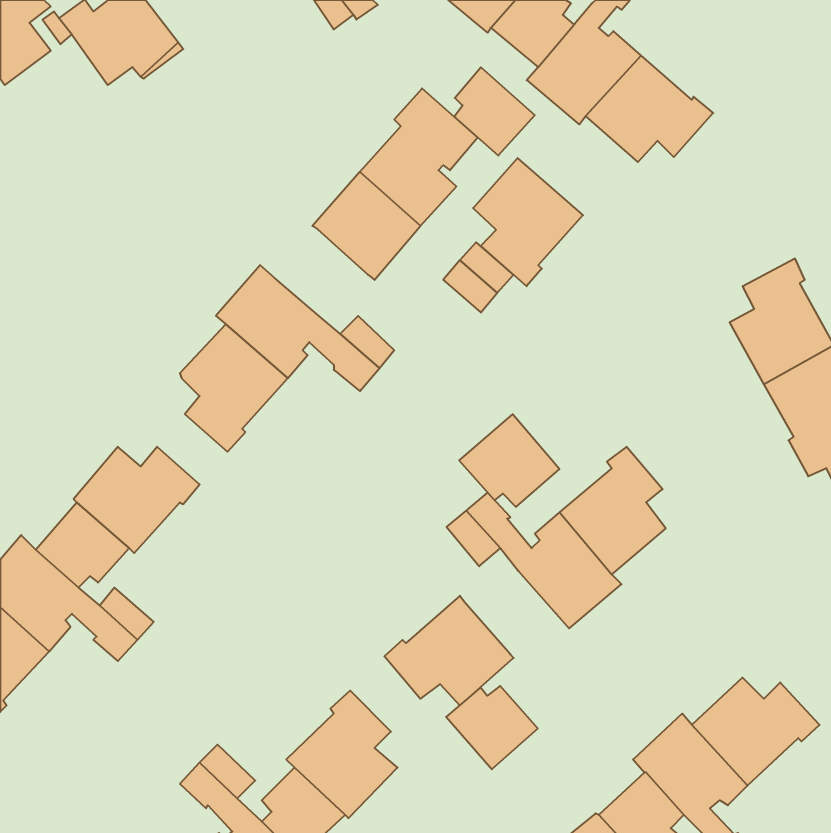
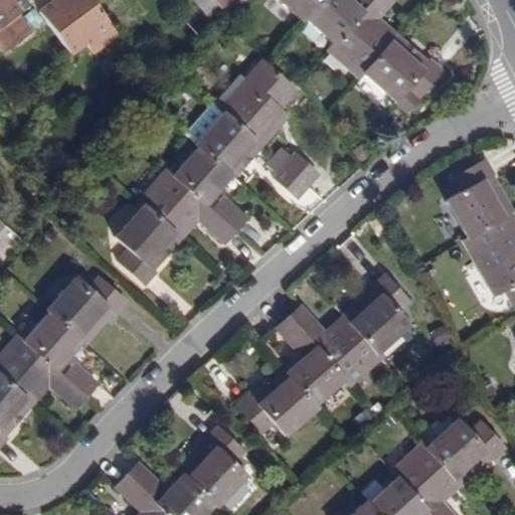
building: [454,67,535,156] -> none
building: [473,158,583,286] -> none
building: none -> [172,143,229,196]
building: [459,414,559,507] -> none
building: [446,686,538,769] -> [289,353,345,404]

